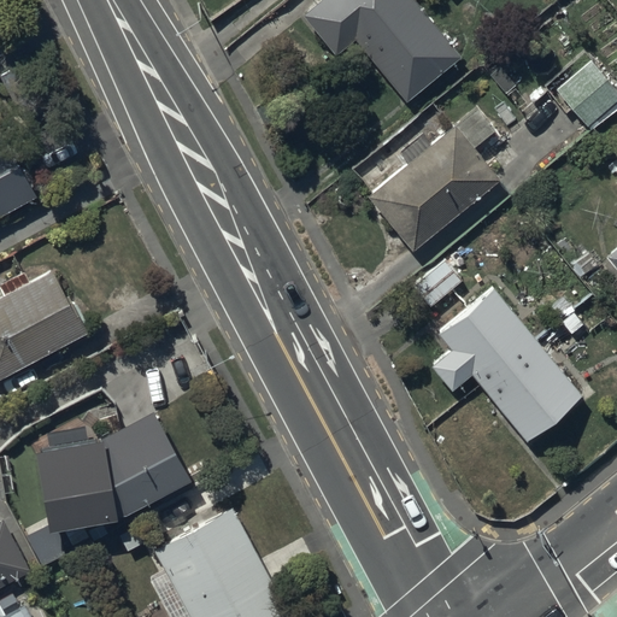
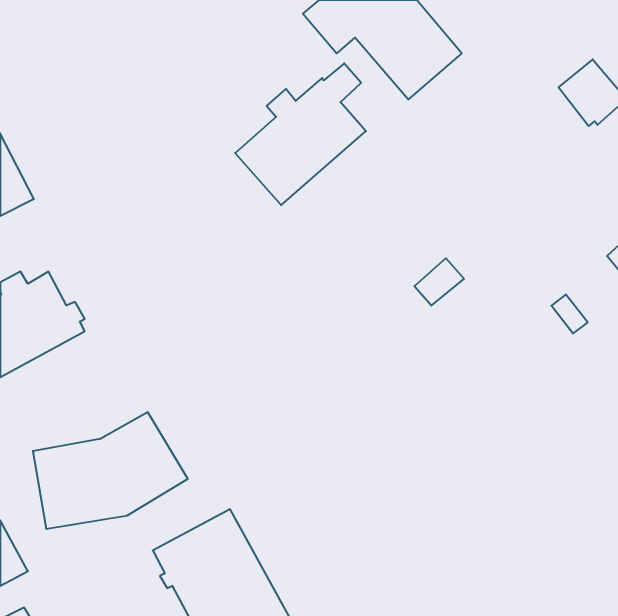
building: [368,111,498,252] -> [235,63,366,205]
building: [431,288,583,443] -> none

